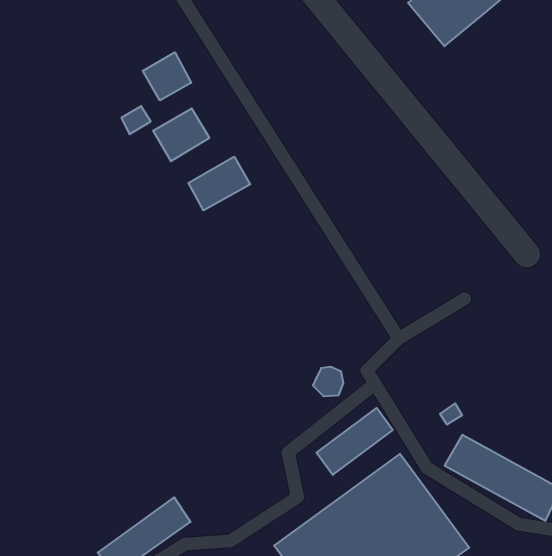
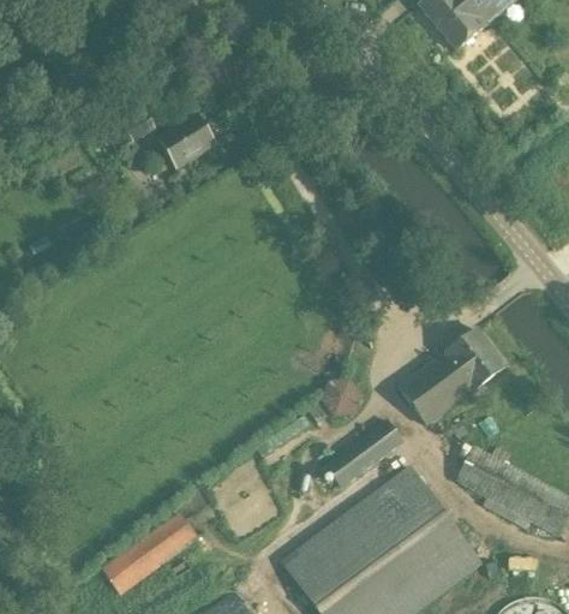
building: [143,52,191,100] -> none
building: [188,157,250,210] -> none
building: none -> [399,329,507,425]

